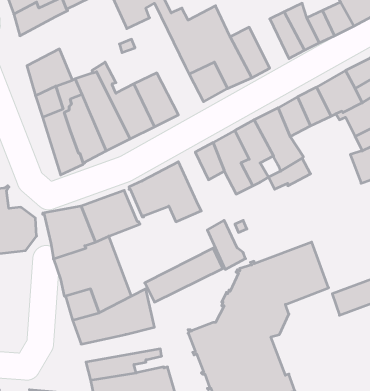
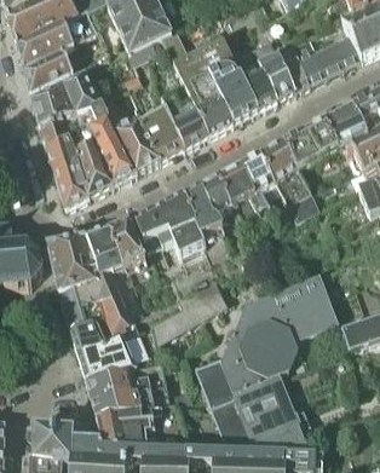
building: none -> [24,48,71,92]
building: none -> [255,51,295,100]
building: none -> [64,71,98,113]
building: none -> [160,93,209,148]
building: [207,220,246,269] -> [184,185,223,235]
building: none -> [86,369,166,397]

